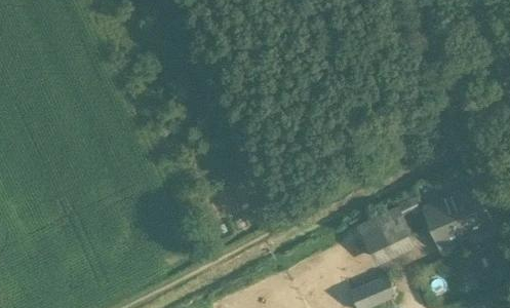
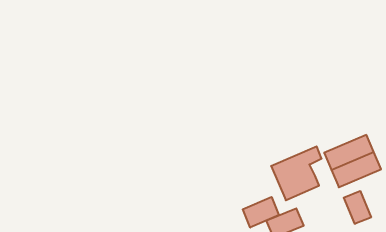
building: none -> [344,191,371,224]
building: none -> [243,197,279,228]

